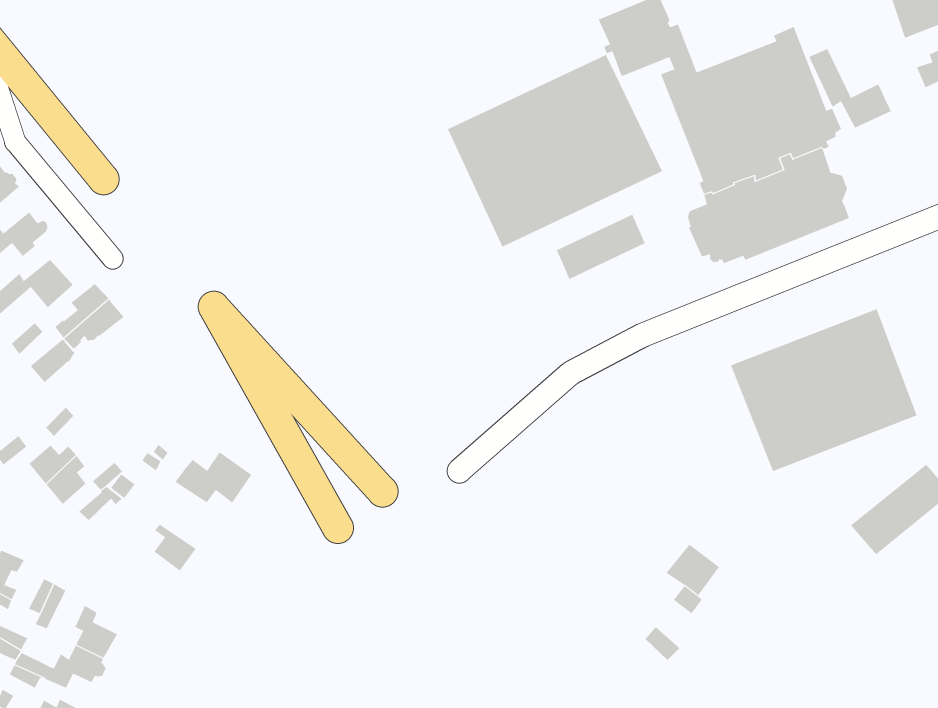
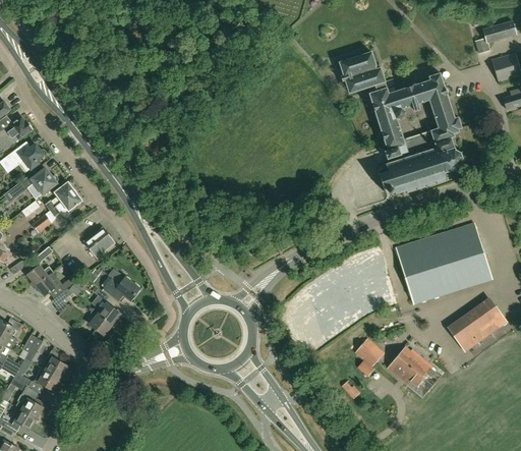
building: [808,48,891,129] -> none
building: [447,54,663,248] -> none
building: [556,214,646,280] -> none
building: none -> [82,226,114,257]
building: none -> [93,287,120,324]
building: none -> [387,346,442,397]

